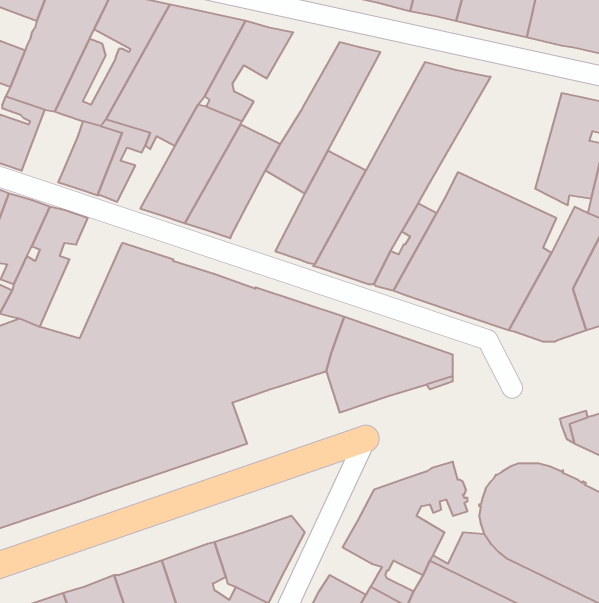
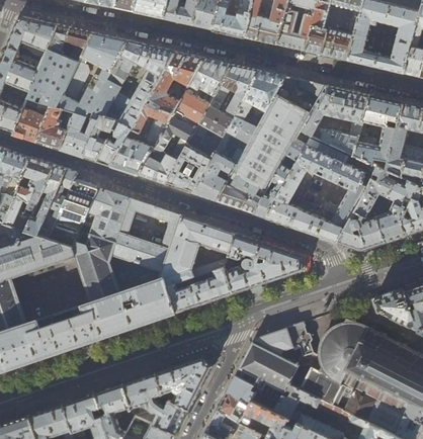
building: none -> [173,59,234,127]
building: none -> [227,71,286,144]
building: none -> [287,86,370,161]
building: none -> [38,106,73,151]
building: none -> [97,122,133,167]
building: none -> [167,144,213,193]
building: none -> [50,182,99,247]
building: none -> [168,267,234,312]
building: none -> [228,375,257,405]

